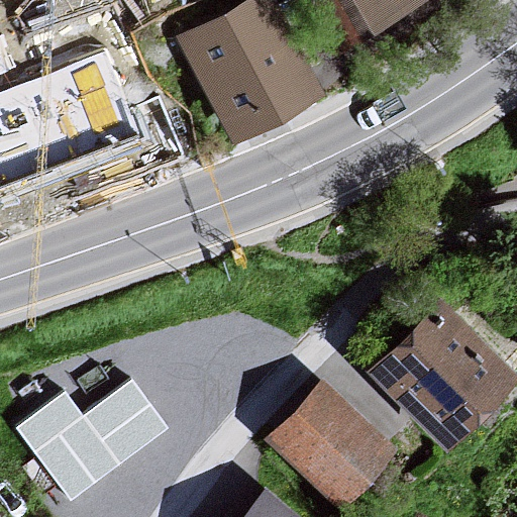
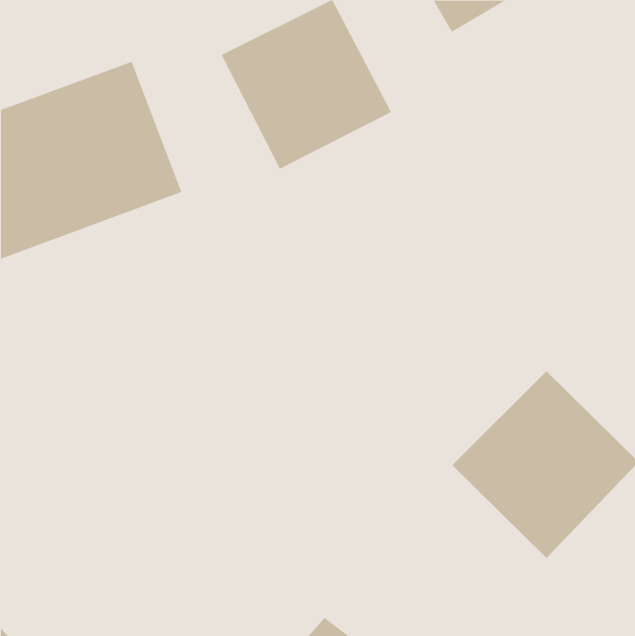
building: [16,368,173,492] -> none
building: [283,399,396,510] -> none

